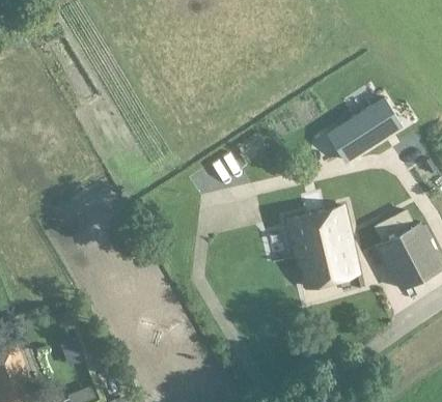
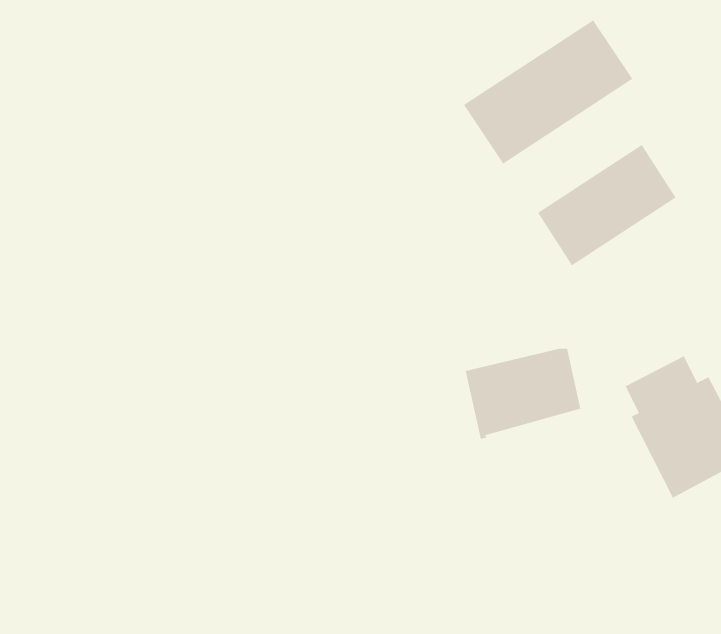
building: none -> [463,19,633,164]
building: [299,241,358,288] -> none

